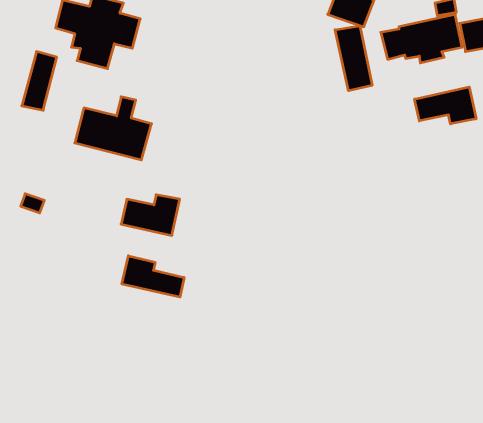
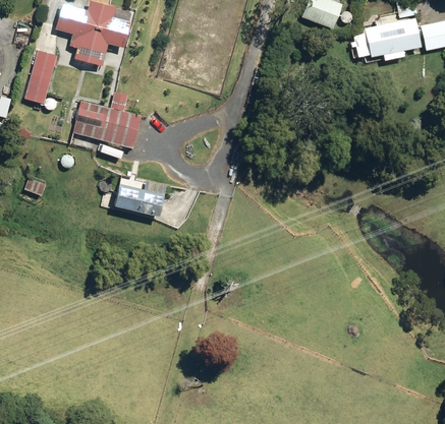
building: [335,26,372,91] -> none
building: [415,87,476,124] -> none
building: [122,256,184,297] -> none

